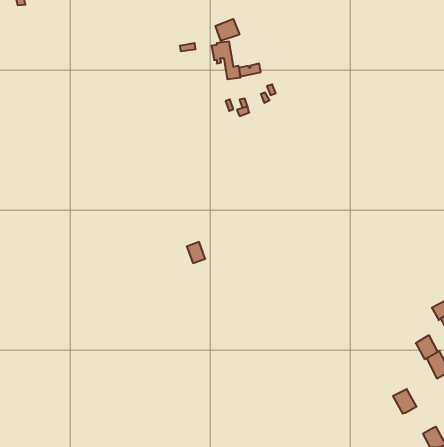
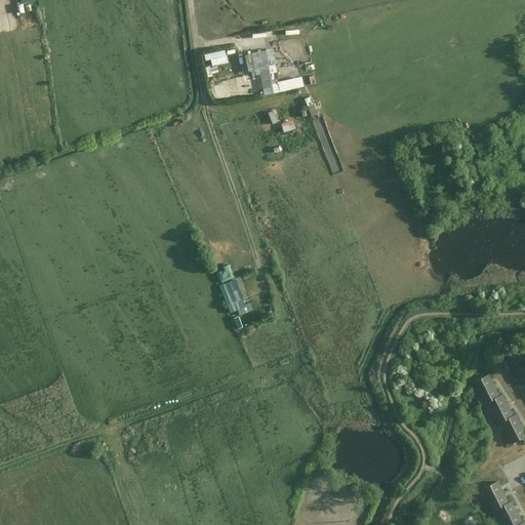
building: [215,19,239,41] -> none
building: none -> [476,370,504,401]
building: [393,389,417,414] -> [485,478,513,507]

